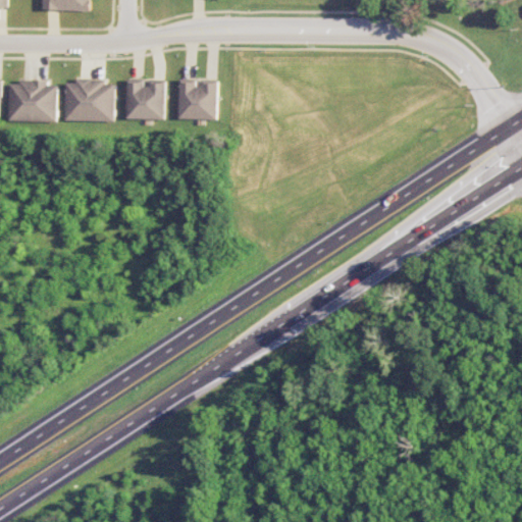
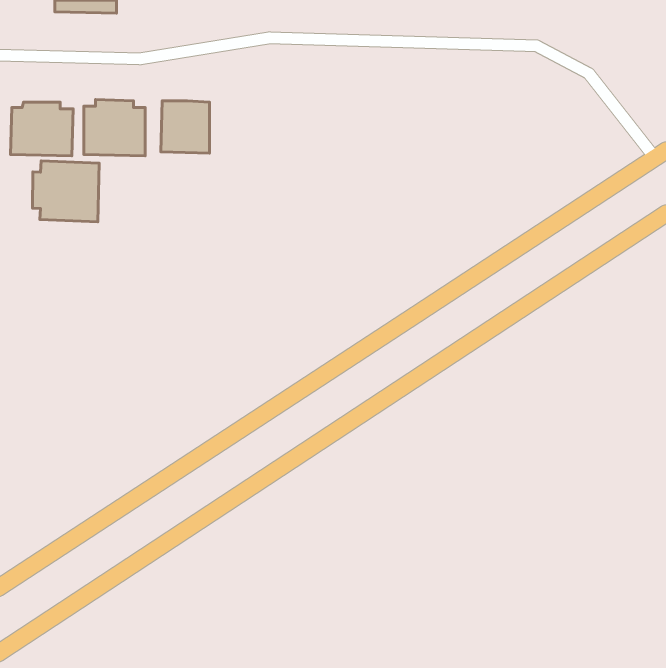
building: [177,80,216,120] -> none
building: none -> [33,161,99,222]

